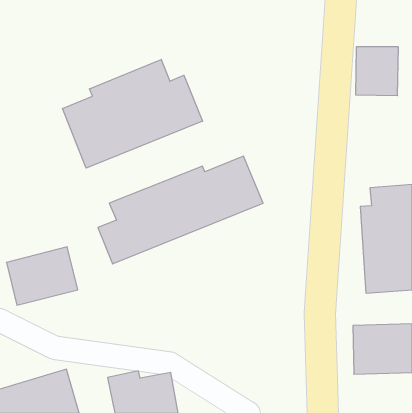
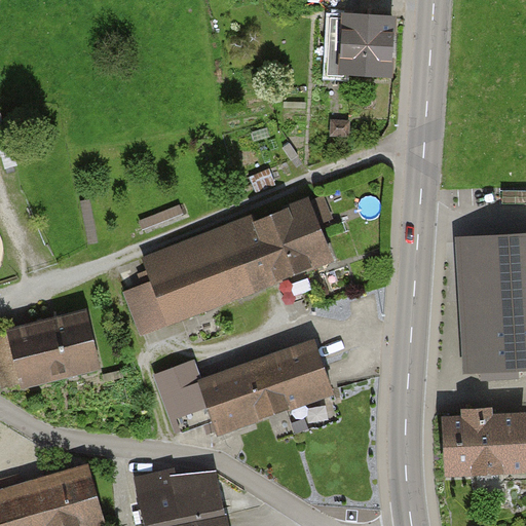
building: [356,47,398,96] -> [340,16,394,78]
building: [63,59,203,168] -> none
building: none -> [156,339,334,437]

